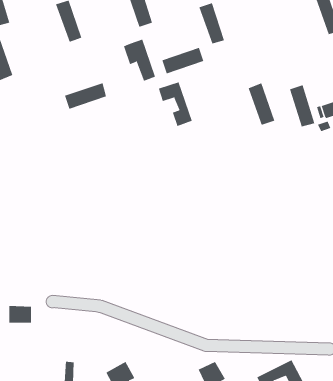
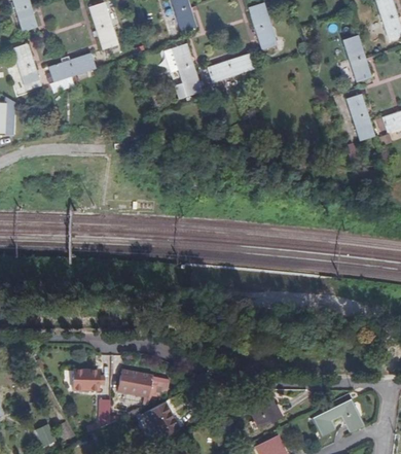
building: [158,81,193,127] -> none
building: [248,82,275,125] -> [343,34,373,81]
building: [64,82,107,110] -> [47,50,95,80]
building: [8,306,32,323] -> [72,370,98,389]
building: none -> [115,371,168,405]

